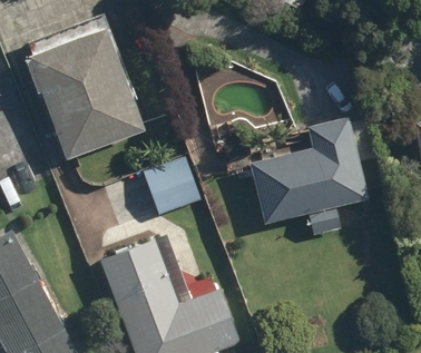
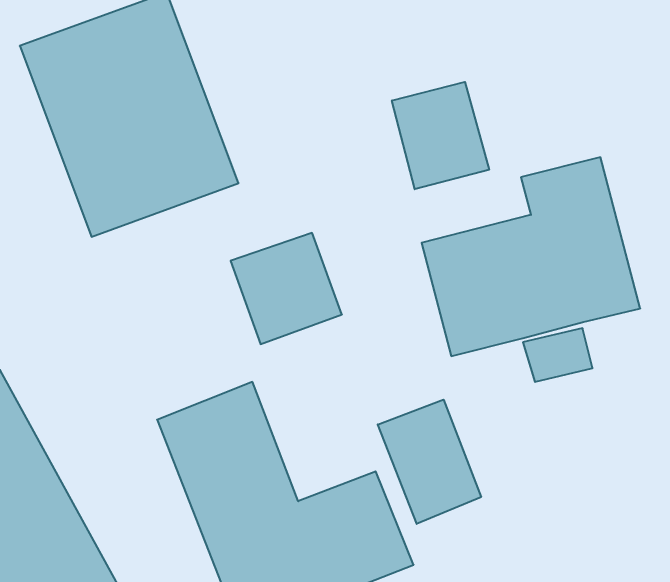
building: none -> [392,82,489,189]
building: none -> [378,400,481,524]

